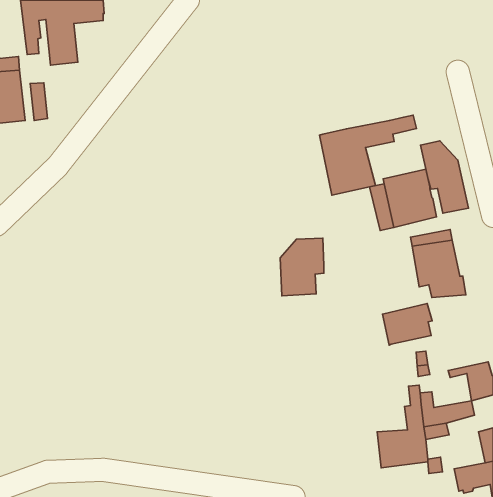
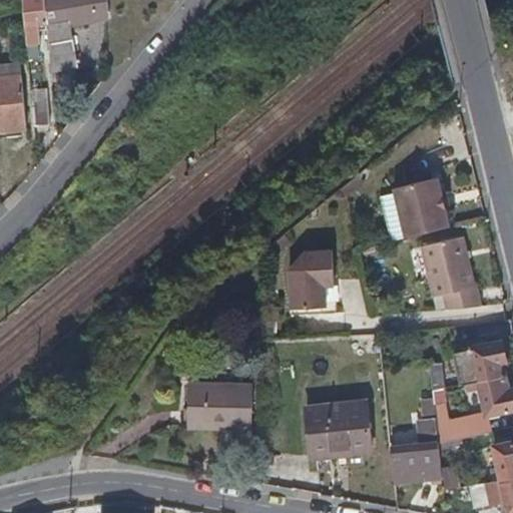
building: [319,115,417,195] -> none
building: [420,141,468,213] -> none
building: [382,303,432,345] -> [453,340,504,383]
building: none -> [186,383,252,430]
building: none -> [304,403,369,459]

